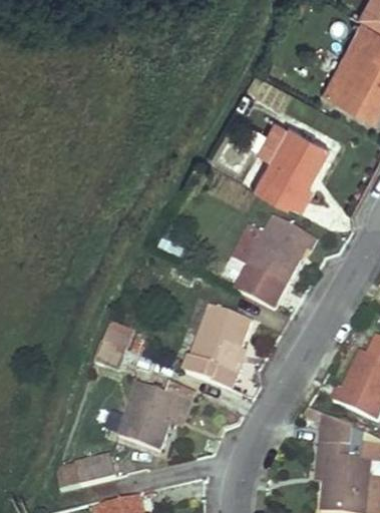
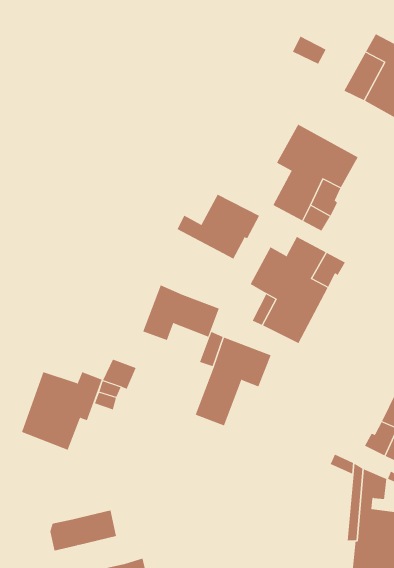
building: none -> [177,194,260,260]
building: none -> [143,285,219,341]
building: [211,341,241,388] -> none
building: [119,381,191,450] -> [21,371,102,451]

